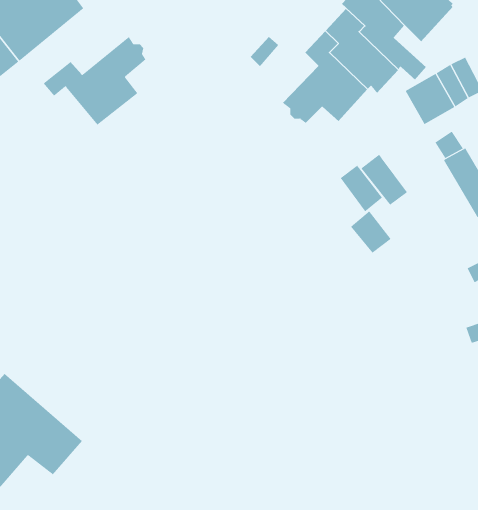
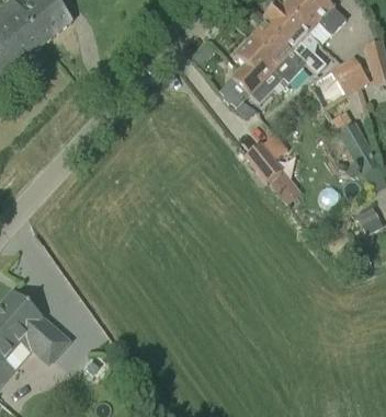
building: [43,36,146,125] -> none
building: [360,154,408,205] -> [245,142,280,181]

